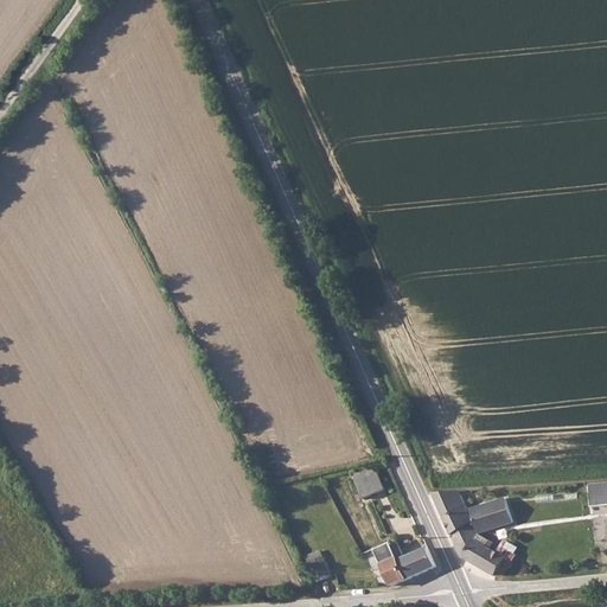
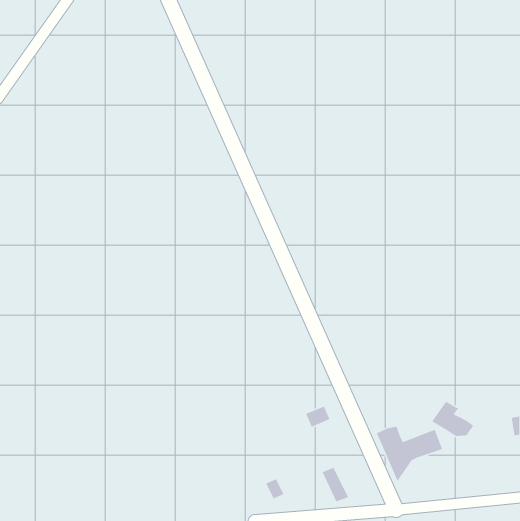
building: [461,533,511,575] -> [431,401,474,437]
building: [386,537,434,576] -> none

